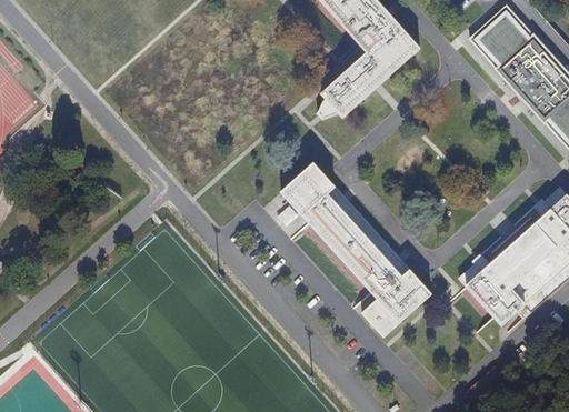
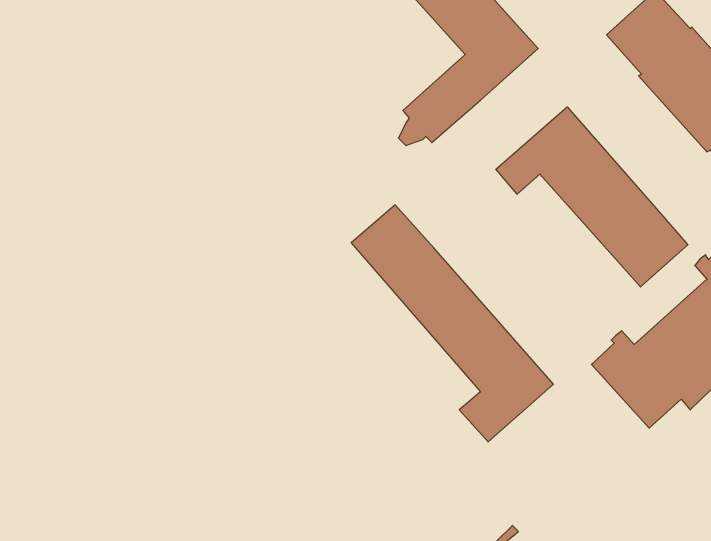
building: none -> [496,107,688,287]

